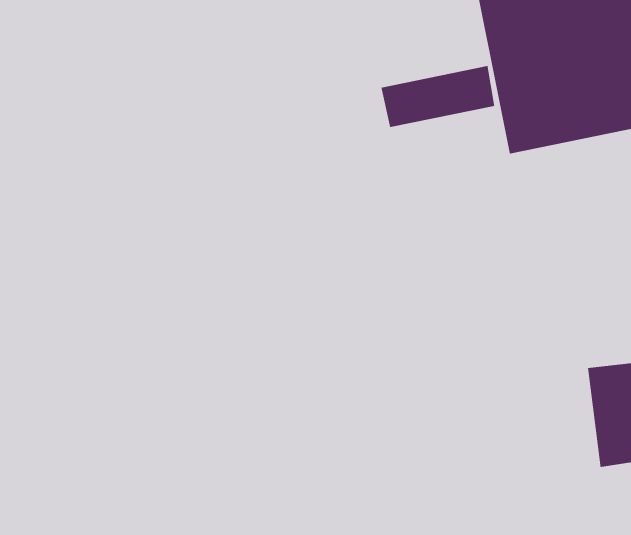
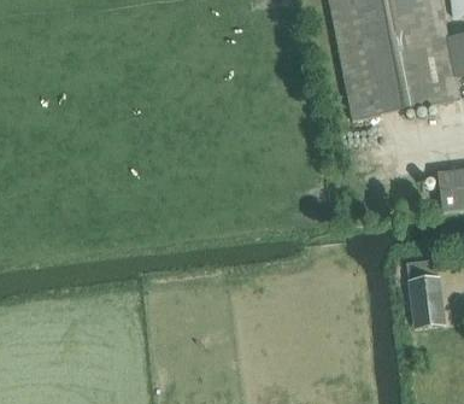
building: [381,65,495,128] -> none

